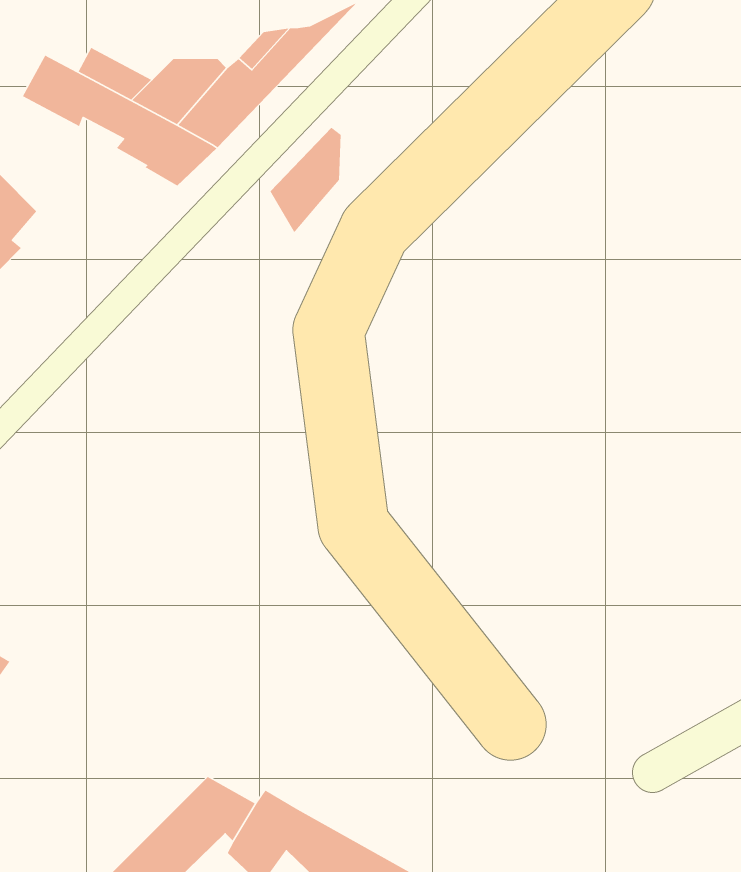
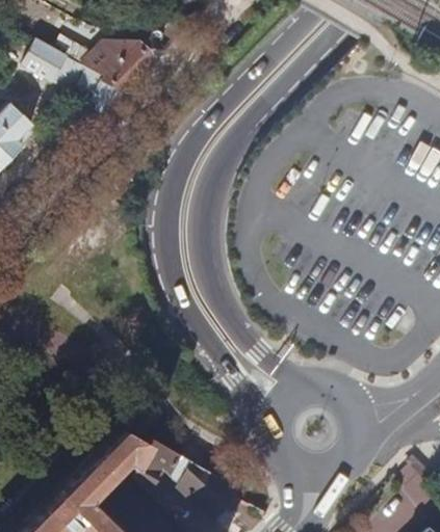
building: [270,127,341,233] -> none

